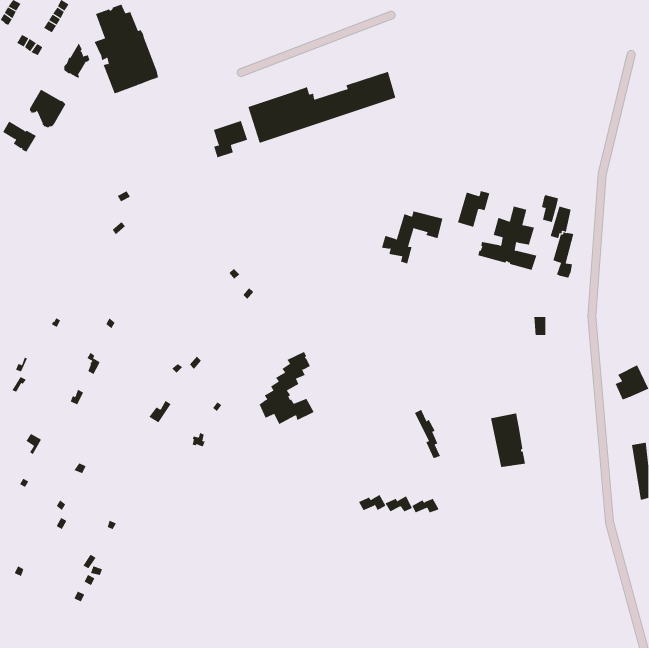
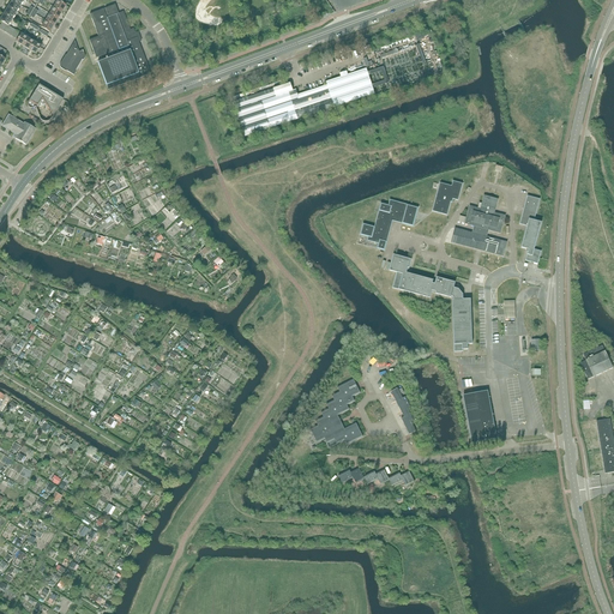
building: [213,120,248,158] -> none
building: none -> [390,253,472,351]
building: [259,351,315,425] -> [311,378,363,447]

